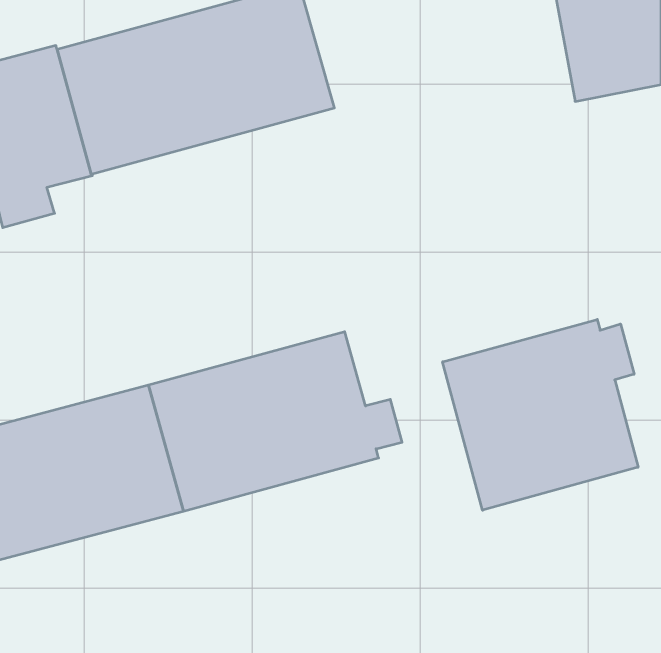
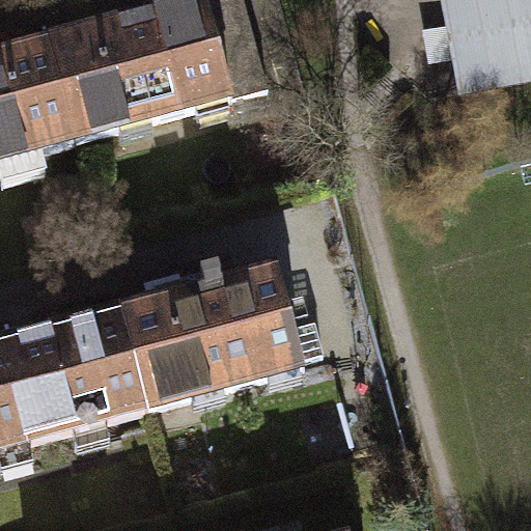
building: [443,319,638,510] -> none

